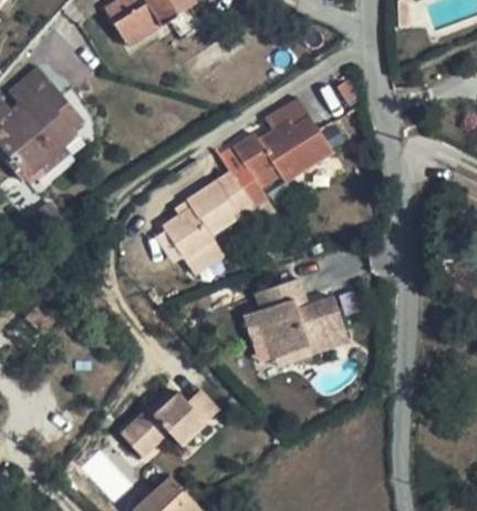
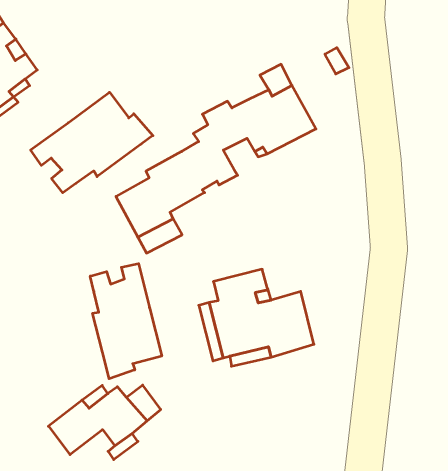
building: none -> [31,92,153,193]
building: none -> [90,264,162,379]

